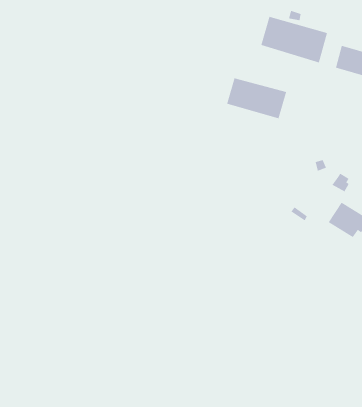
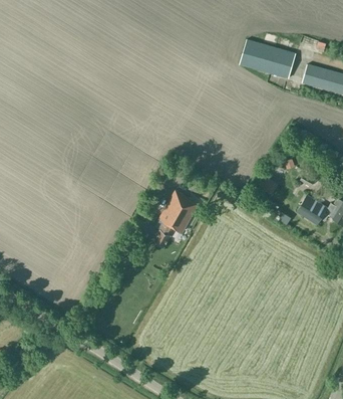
building: [227,78,287,119] -> none
building: none -> [155,189,199,246]

